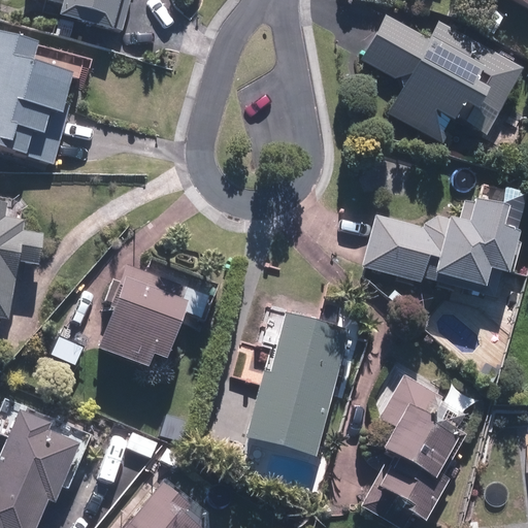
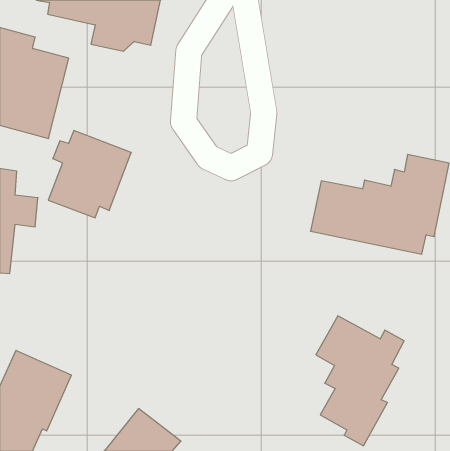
building: [363,14,521,142] -> none
building: [97,264,194,366] -> [48,130,131,218]
building: [244,305,349,456] -> none

